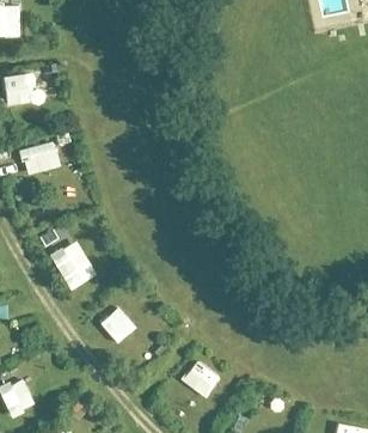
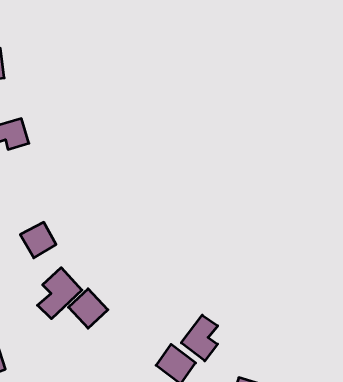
building: none -> [37,268,82,319]
building: none -> [181,315,218,361]

